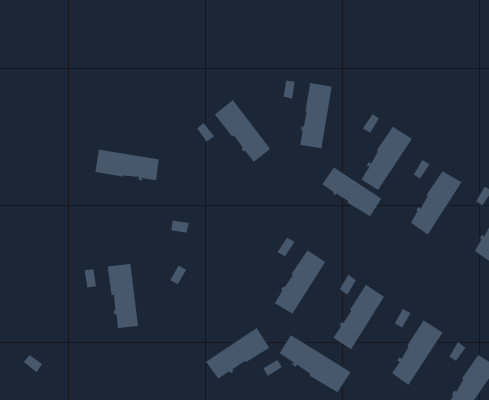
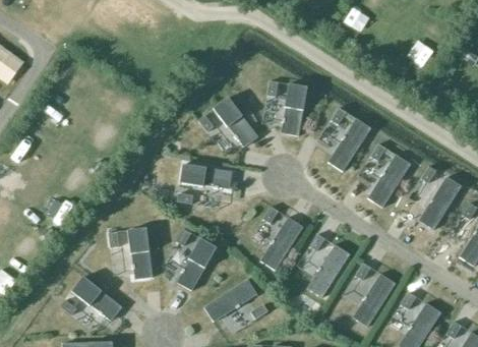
building: [94,149,159,181] -> [179,164,231,189]
building: [322,167,382,217] -> none
building: none -> [175,238,216,291]
building: none -> [70,277,121,322]
building: [279,334,352,393] -> none

